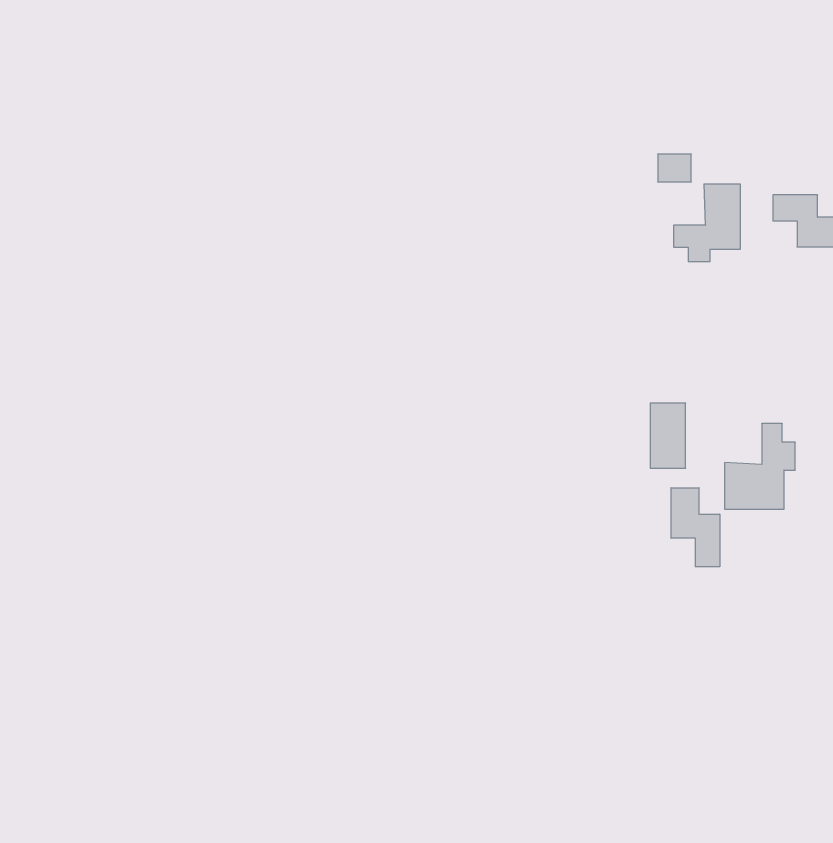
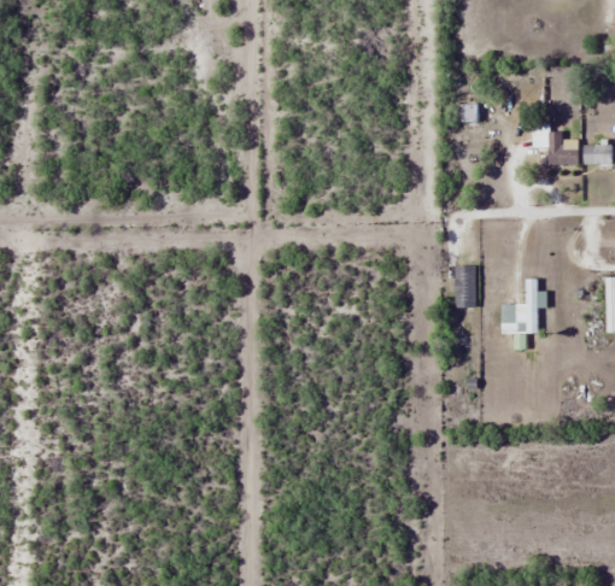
building: [674,184,740,262] -> none
building: [671,488,720,567] -> none

